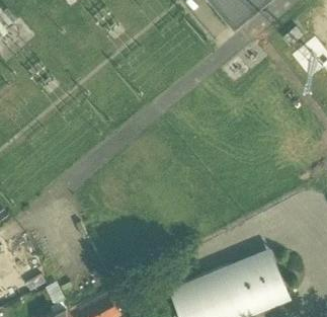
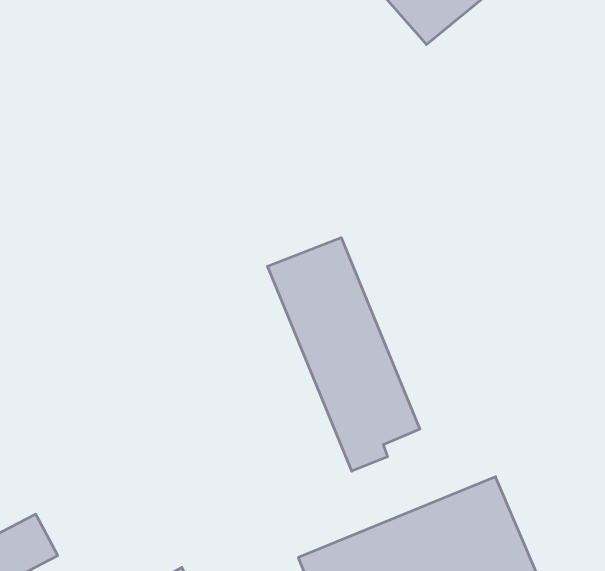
building: none -> [267,238,420,471]

